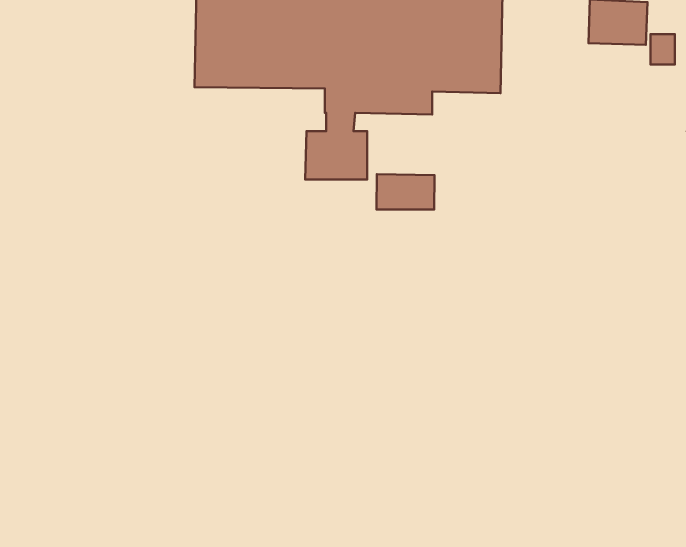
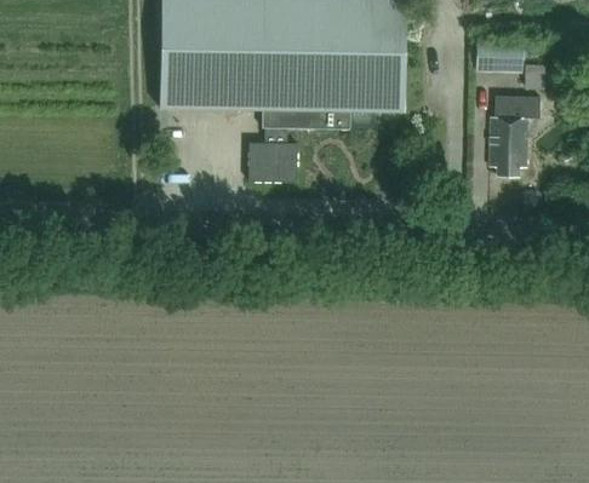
building: none -> [490,94,539,174]
building: [376,174,435,210] -> none

